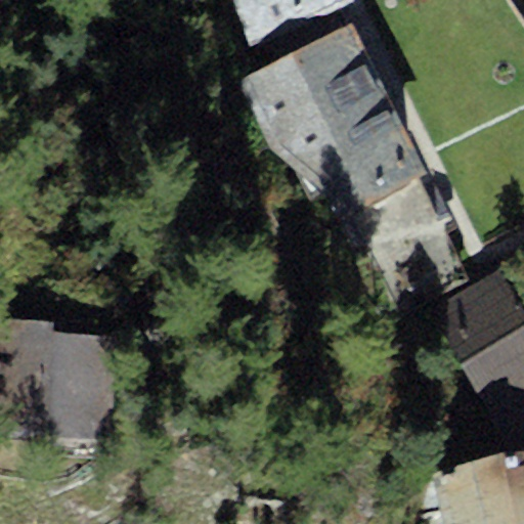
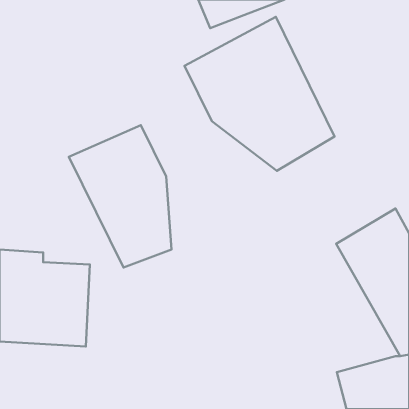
building: none -> [69,125,171,268]

